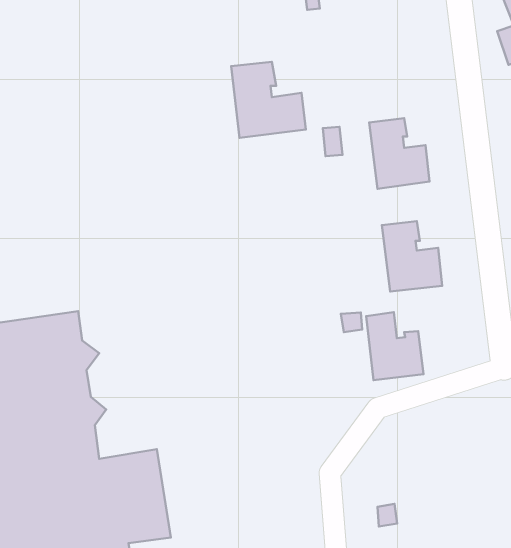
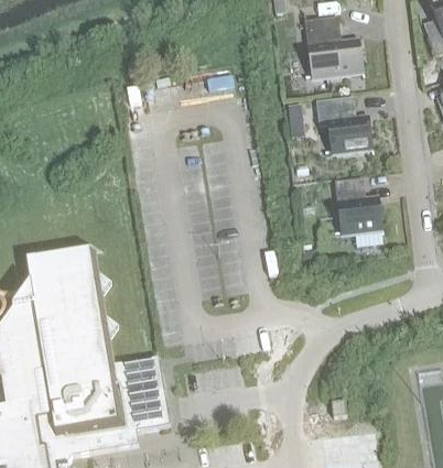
building: [231,62,306,138] -> [304,17,363,76]
building: [366,312,424,380] -> none

